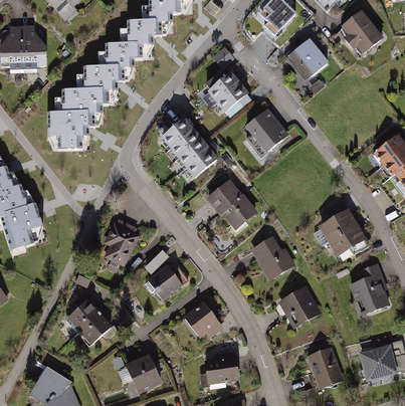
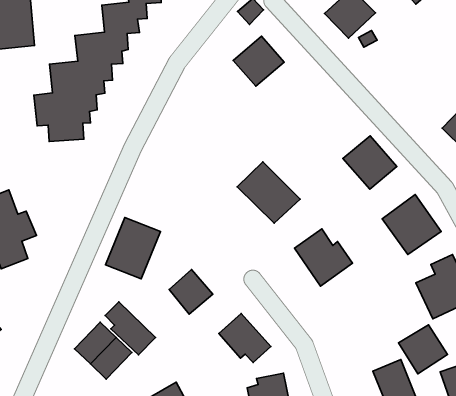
building: [246,111,289,154] -> [343,136,397,189]
building: [162,122,217,180] -> none
building: none -> [105,302,155,355]
building: [279,283,319,323] -> [398,325,448,374]

